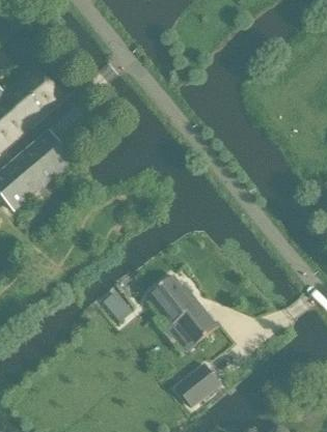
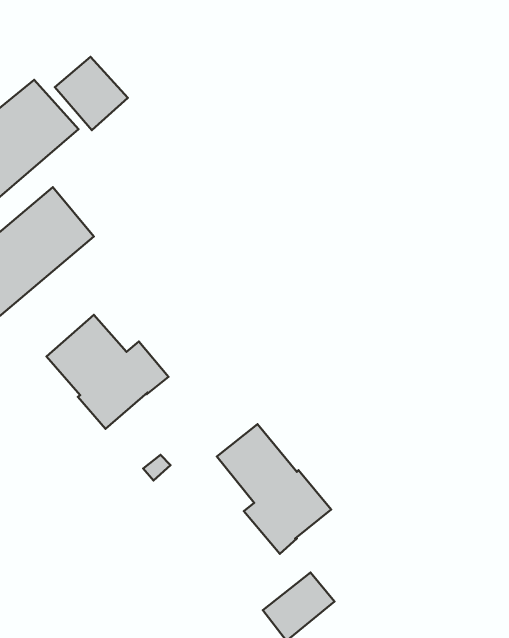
building: none -> [55,57,128,130]
building: none -> [46,315,168,429]

